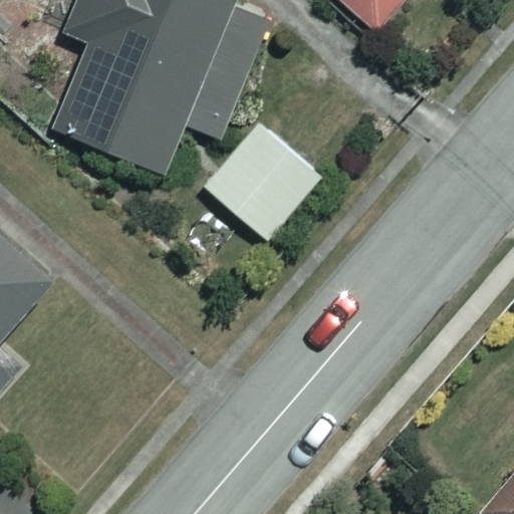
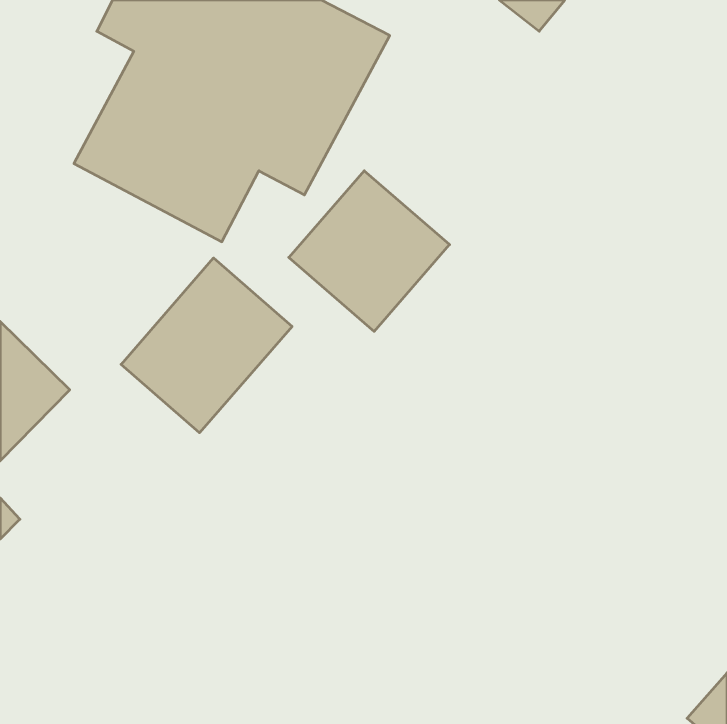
building: none -> [121,258,292,433]

